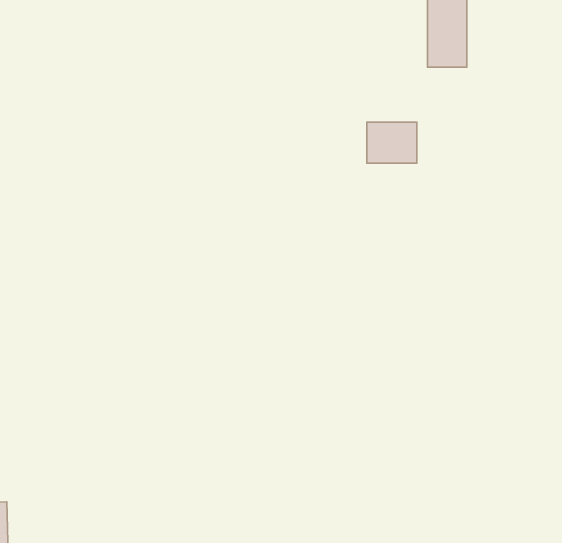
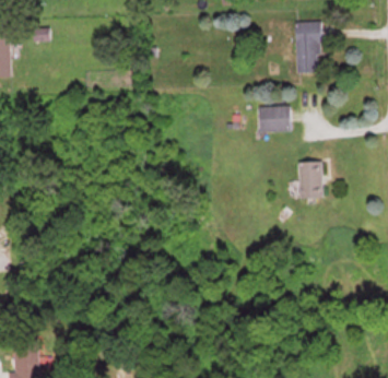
building: none -> [298,161,322,199]

